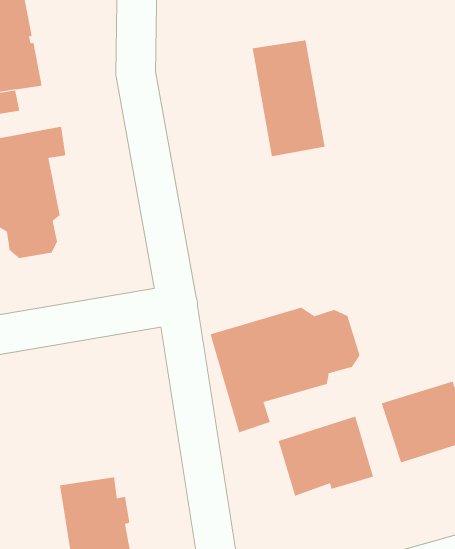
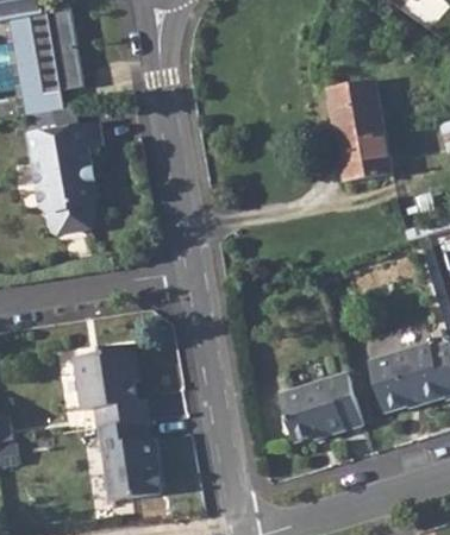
building: [252,40,326,157] -> [326,81,389,181]
building: [210,307,360,433] -> none
building: none -> [70,345,145,429]

